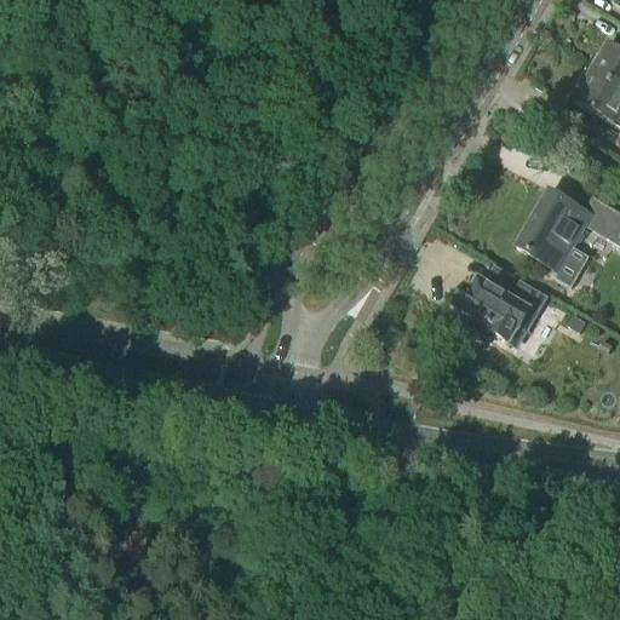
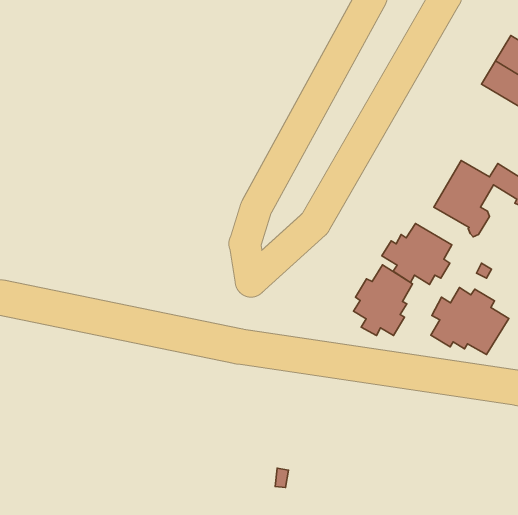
building: none -> [353,265,413,335]
building: none -> [431,288,509,354]

